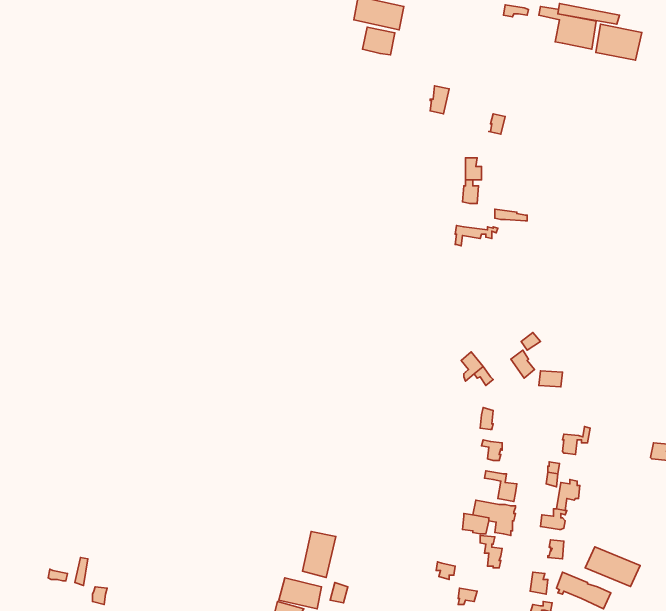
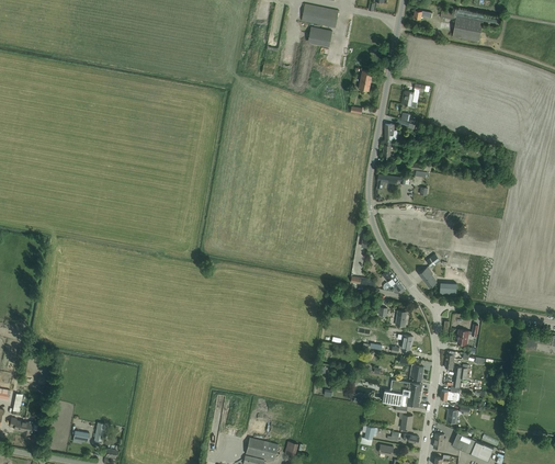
building: [596,24,642,60] -> none
building: [303,532,336,577] -> none
building: [585,547,640,587] -> none

